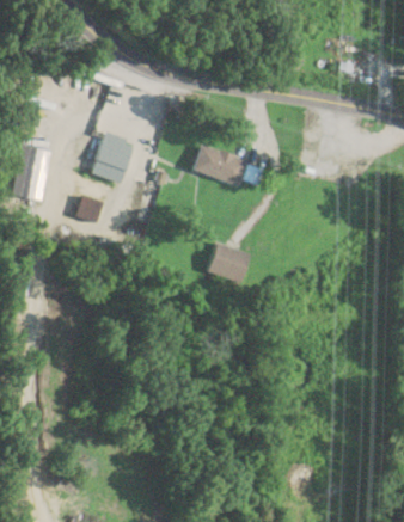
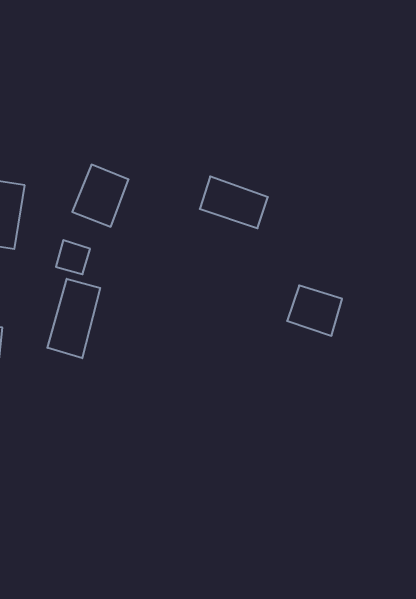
building: none -> [47,279,100,358]
building: [204,242,249,283] -> [287,285,342,336]

